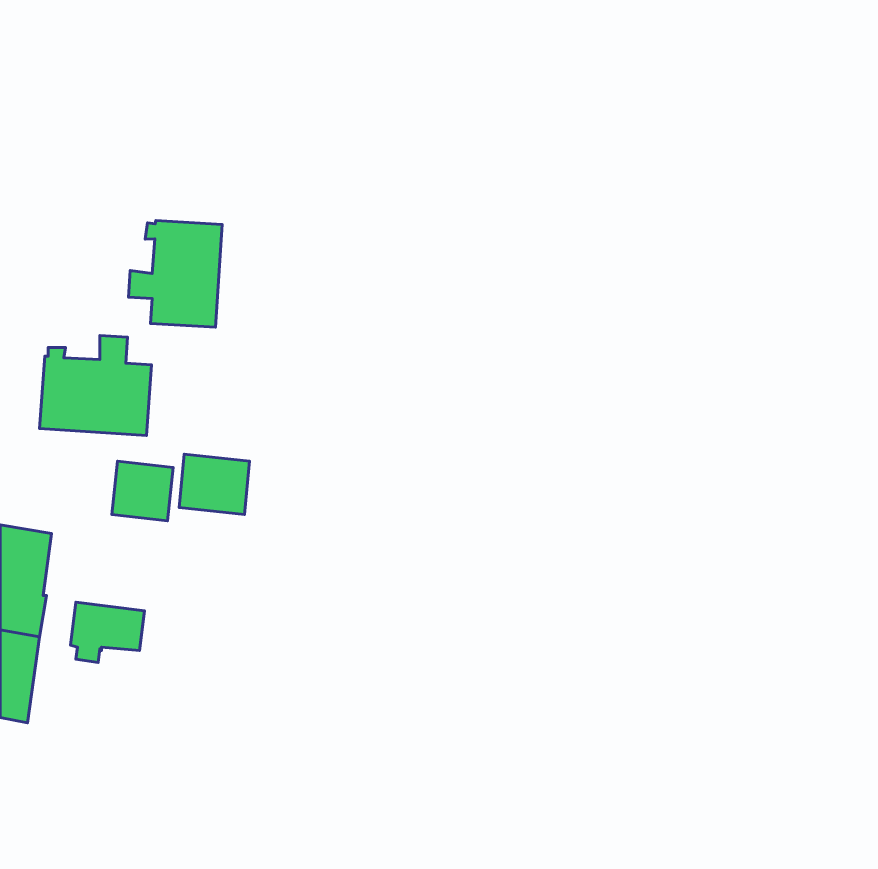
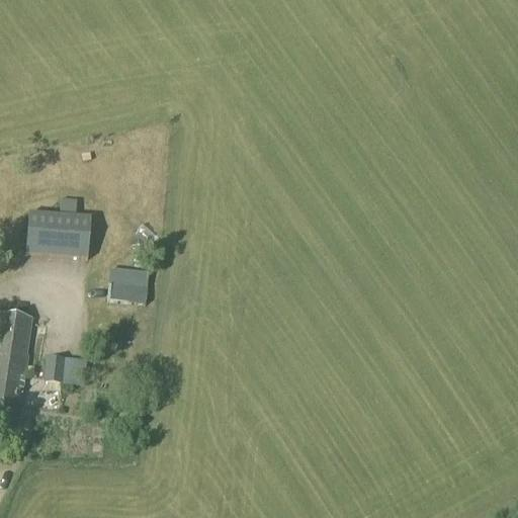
building: [128,221,222,327] -> none
building: [112,461,173,521] -> none

